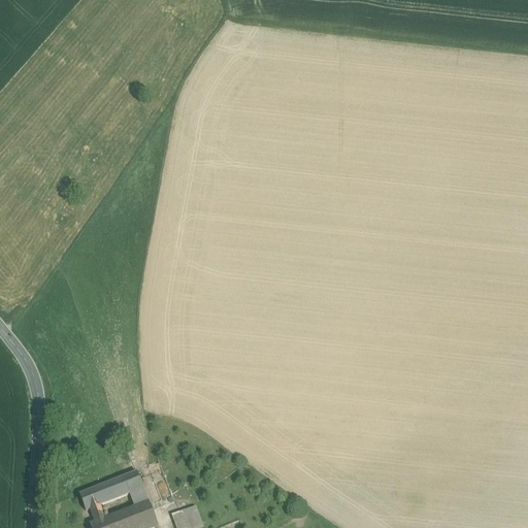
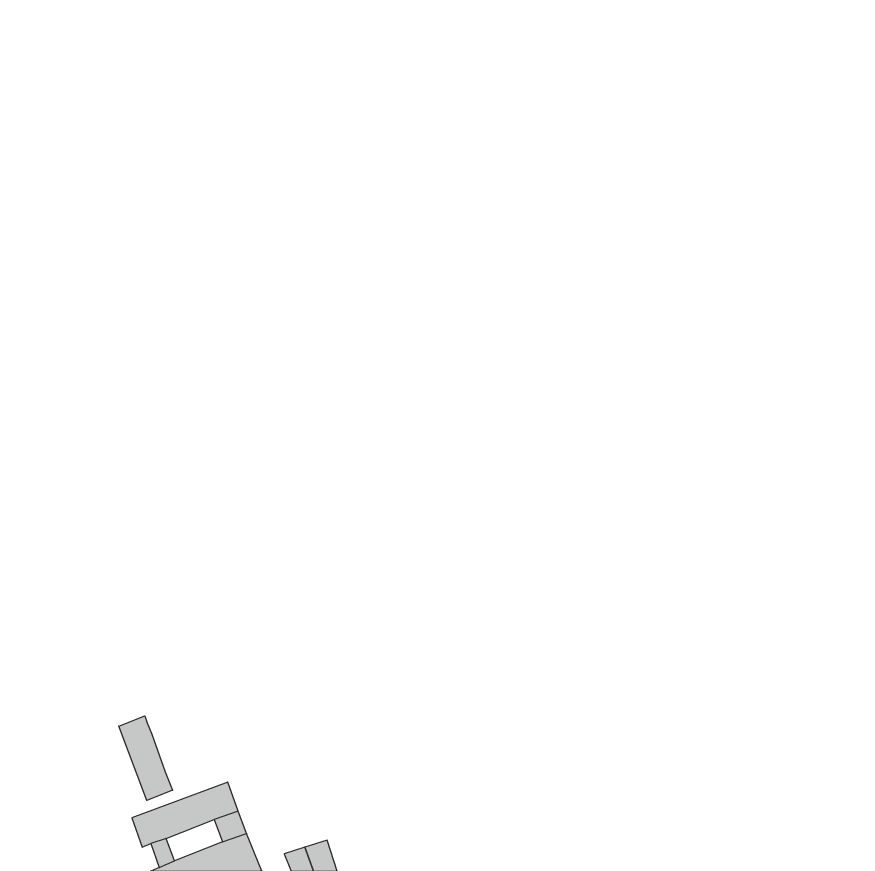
building: none -> [119,716,173,800]

